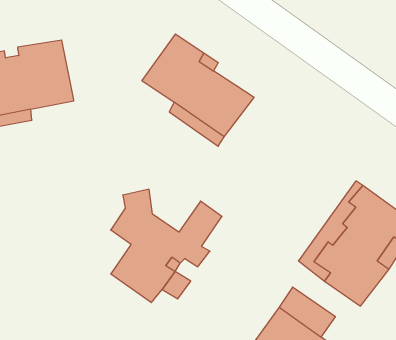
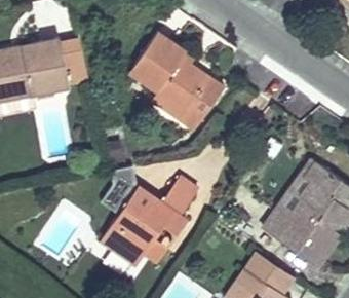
building: none -> [60,33,90,88]

